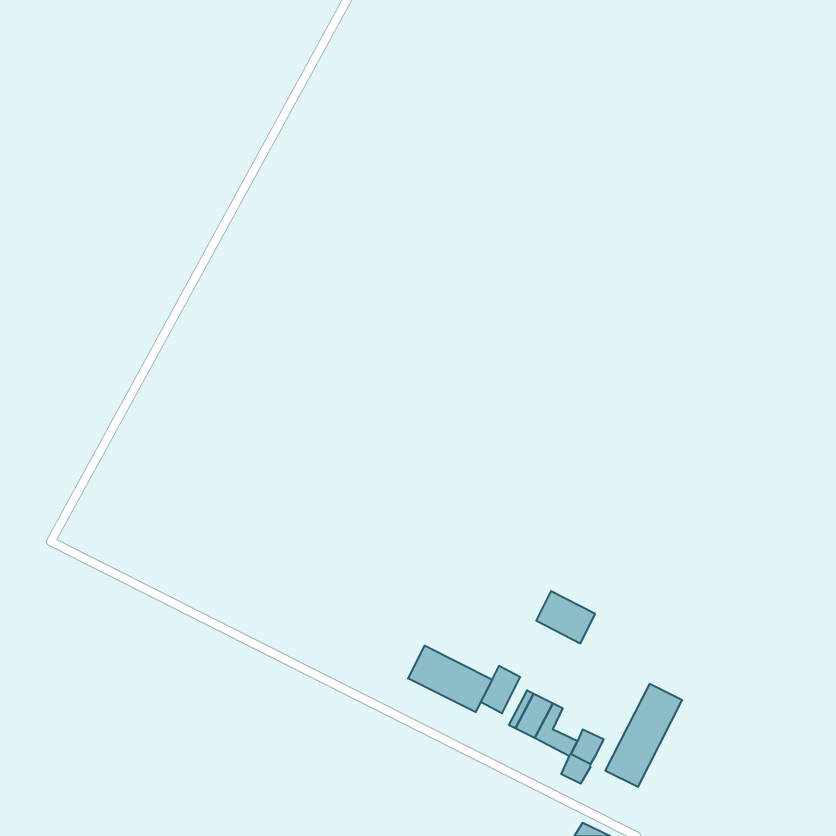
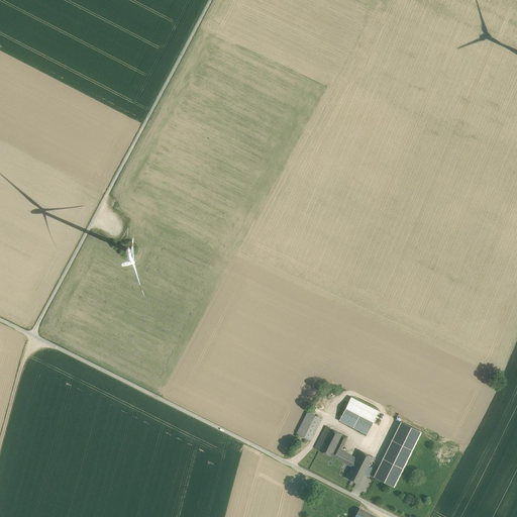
building: [536,591,595,643] -> [339,402,376,434]
building: [408,646,492,712] -> none

